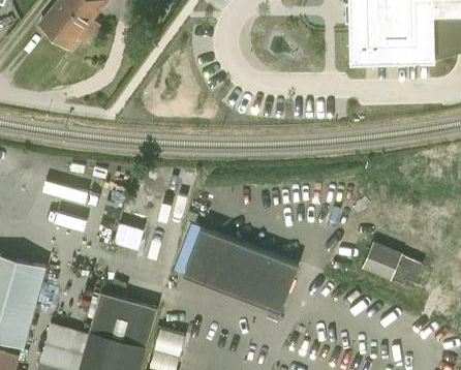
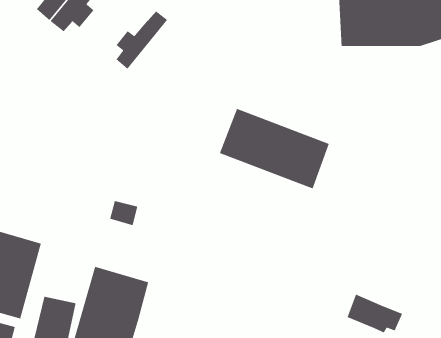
building: none -> [115,10,168,70]
building: [181,227,297,312] -> [219,108,330,189]
building: [361,244,420,285] -> [346,294,403,333]

